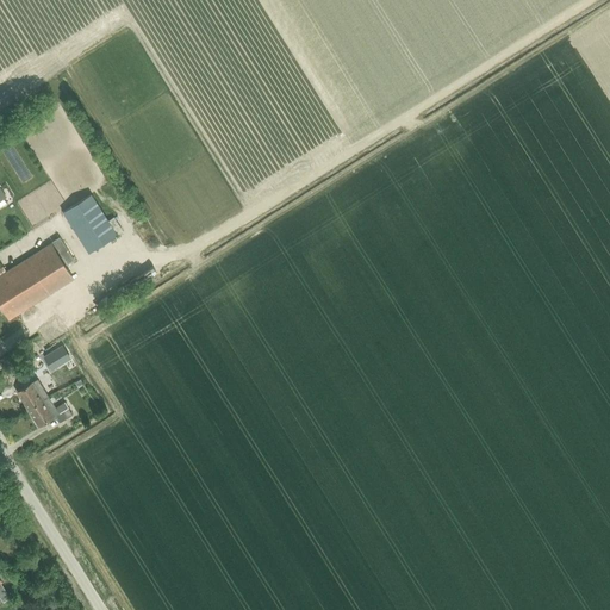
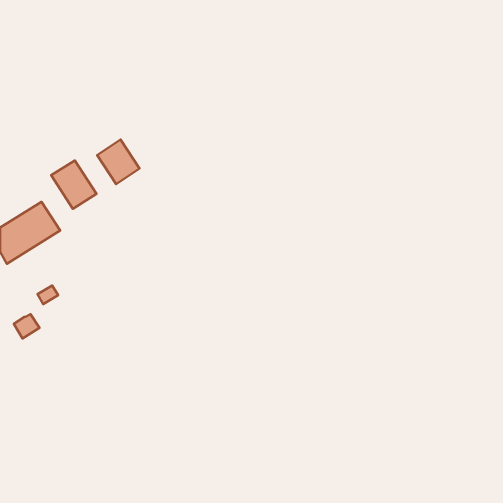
building: none -> [97,139,139,184]
building: [27,397,73,427] -> none

